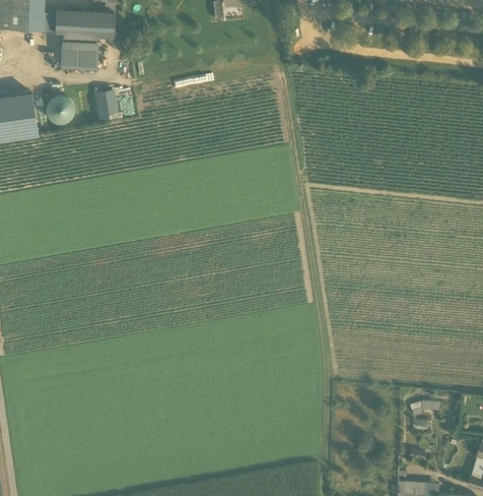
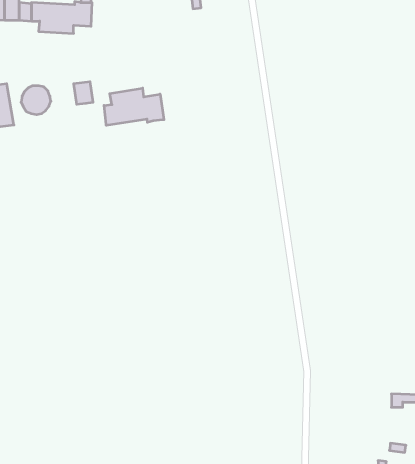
building: [62,41,97,68] -> none
building: none -> [104,88,164,125]

